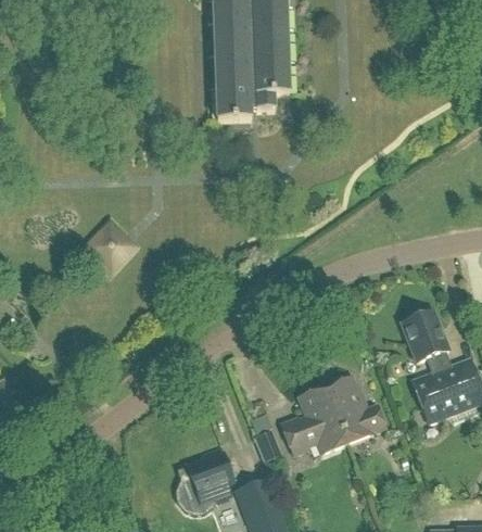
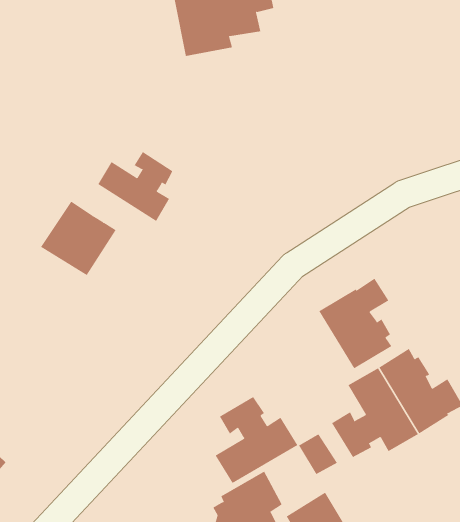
building: none -> [98,151,173,222]
building: none -> [319,278,392,369]
building: none -> [215,396,298,484]

